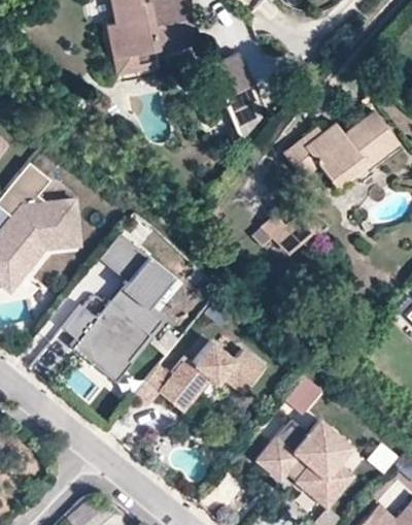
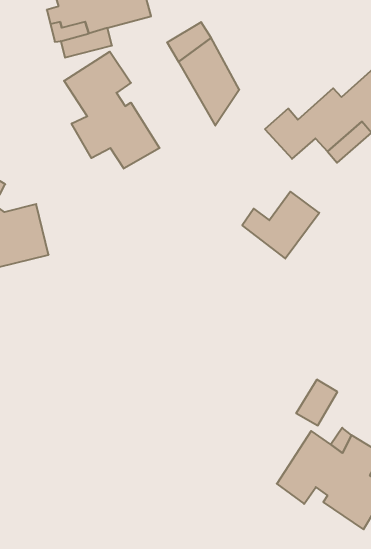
building: none -> [64,52,160,169]
building: [69,237,171,380] -> none
building: [137,340,267,411] -> none

